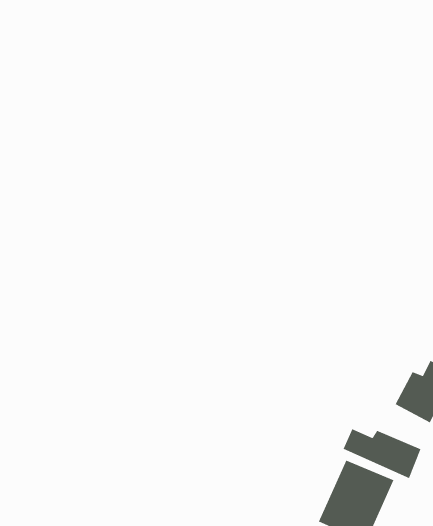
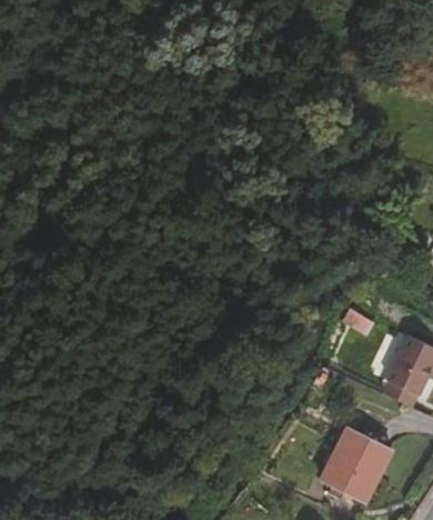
building: [343,428,422,479] -> none

